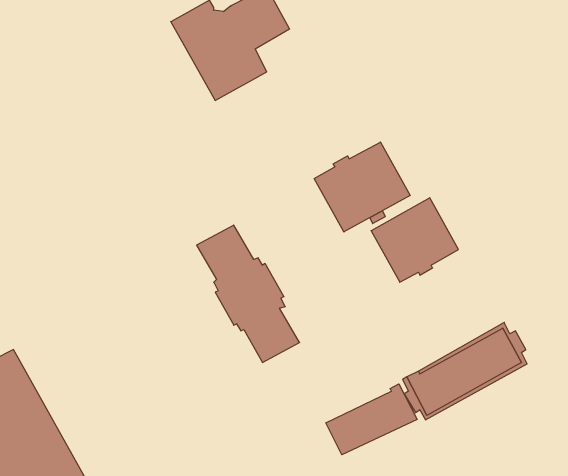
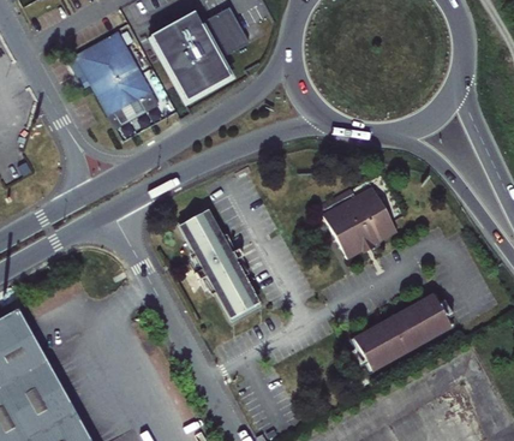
building: none -> [76,35,156,127]
building: [314,142,410,232] -> none
building: [326,384,417,455] -> none

